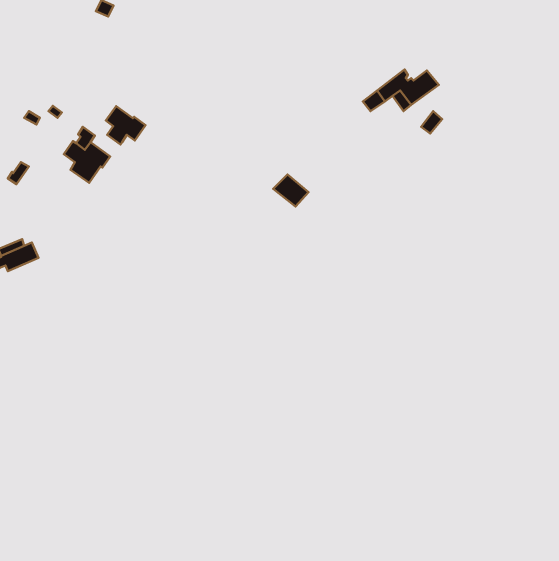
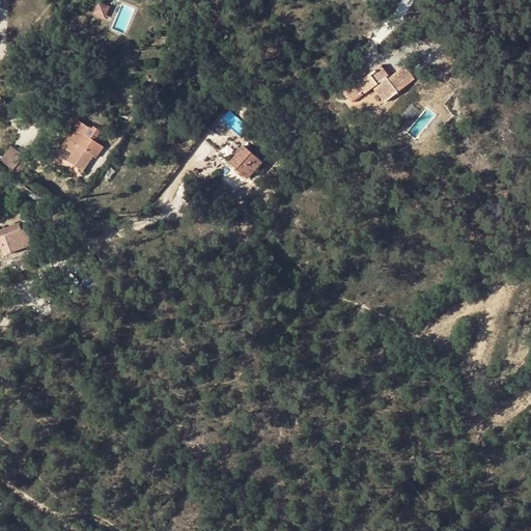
building: [106,106,146,144] -> none
building: [273,175,309,207] -> [228,146,261,176]

